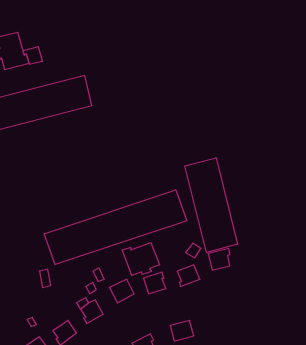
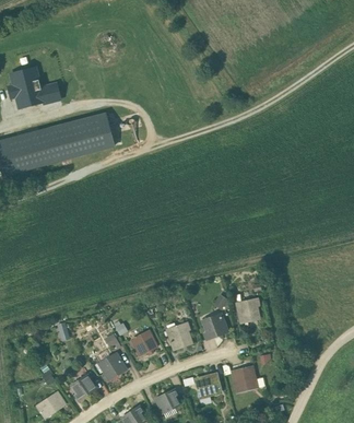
building: [185,158,238,252] -> none
building: [44,190,187,265] -> none
building: [122,243,160,276] -> none
building: none -> [232,366,255,393]

